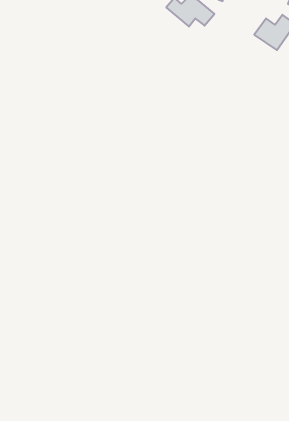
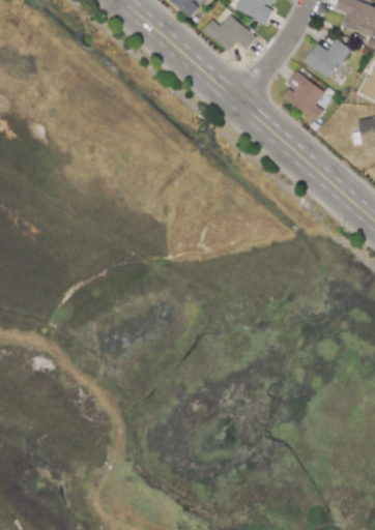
building: none -> [281,71,325,121]

